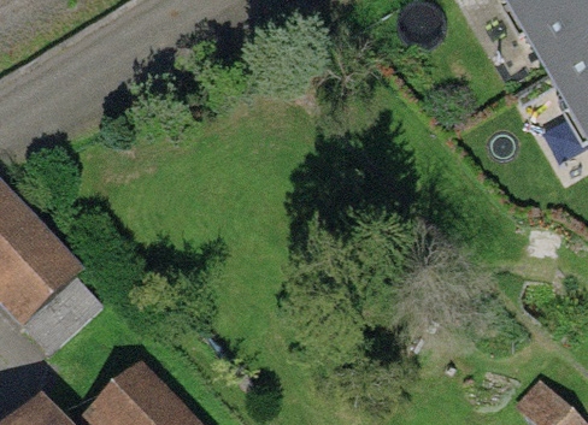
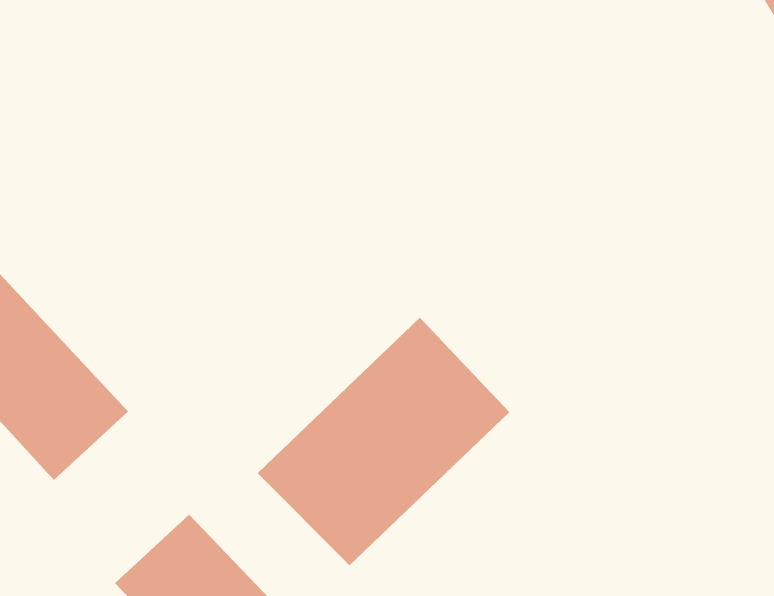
building: none -> [257,317,510,566]

